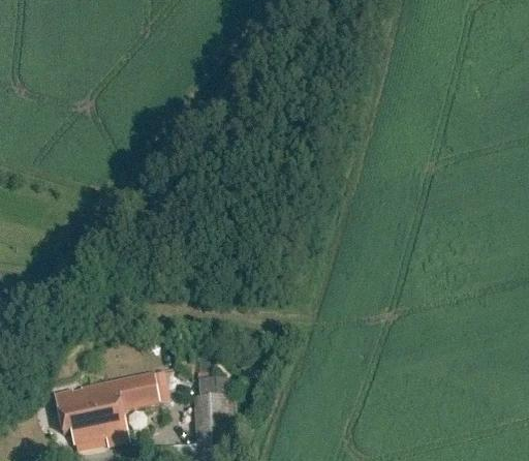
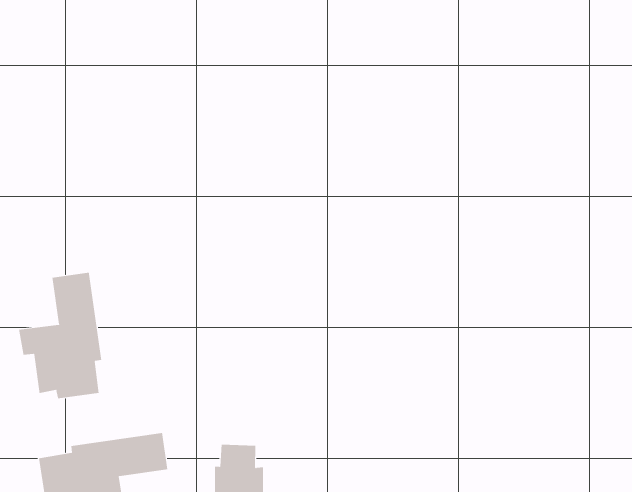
building: none -> [19,272,102,399]

